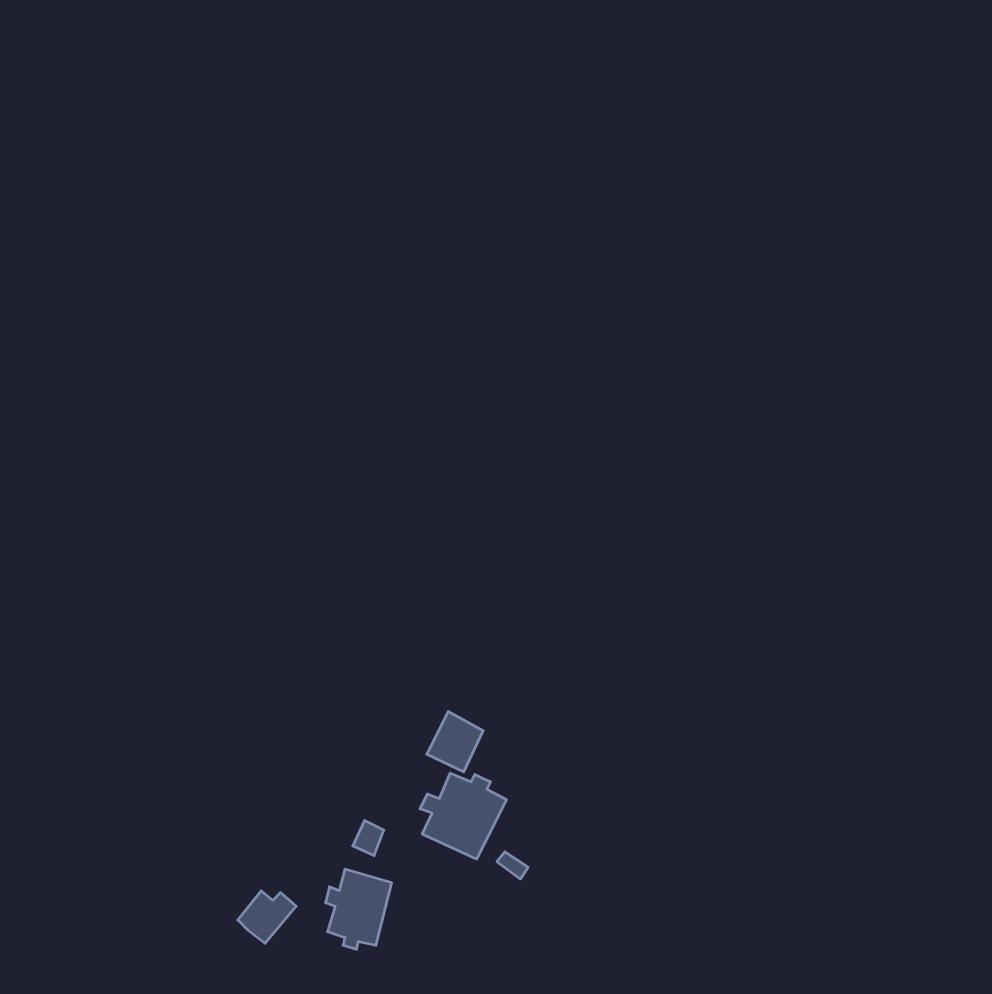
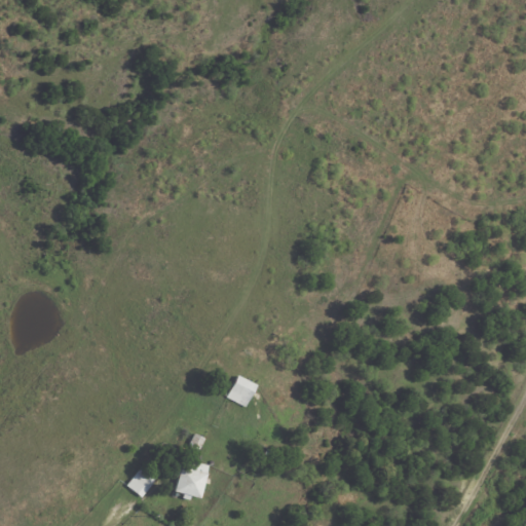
building: [420,773,506,859] -> none

